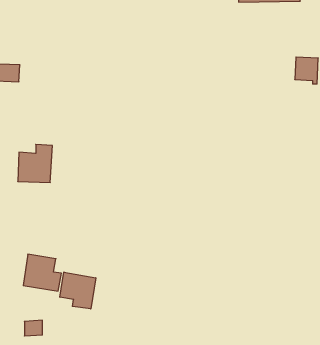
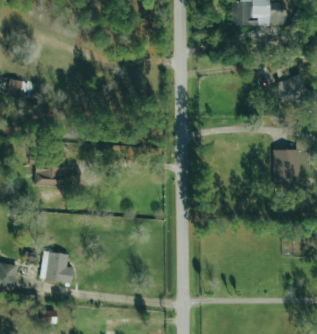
building: none -> [273,150,300,187]
building: [60,272,96,309] -> none

